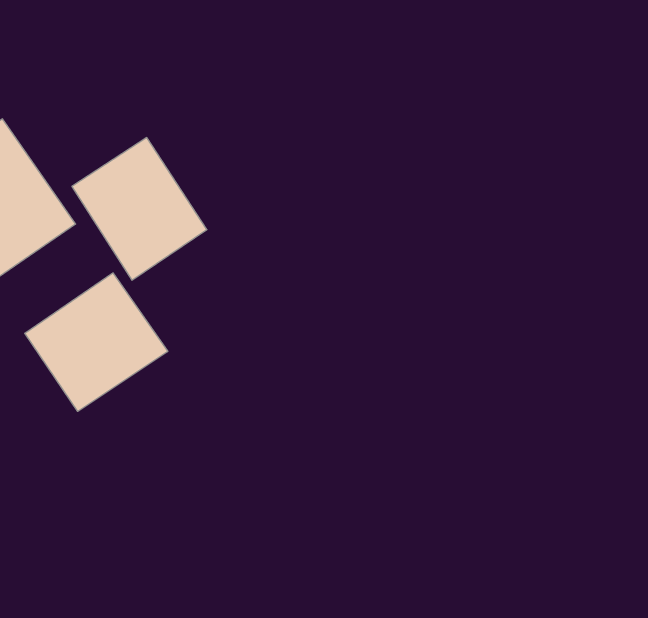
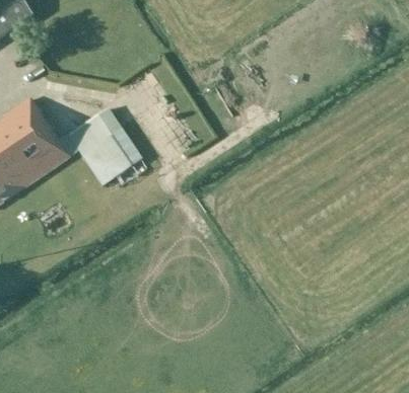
building: [25,273,168,411] -> none

